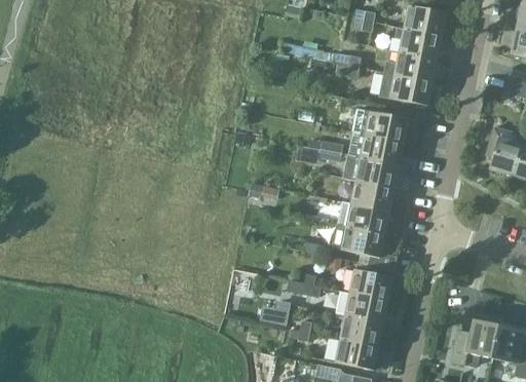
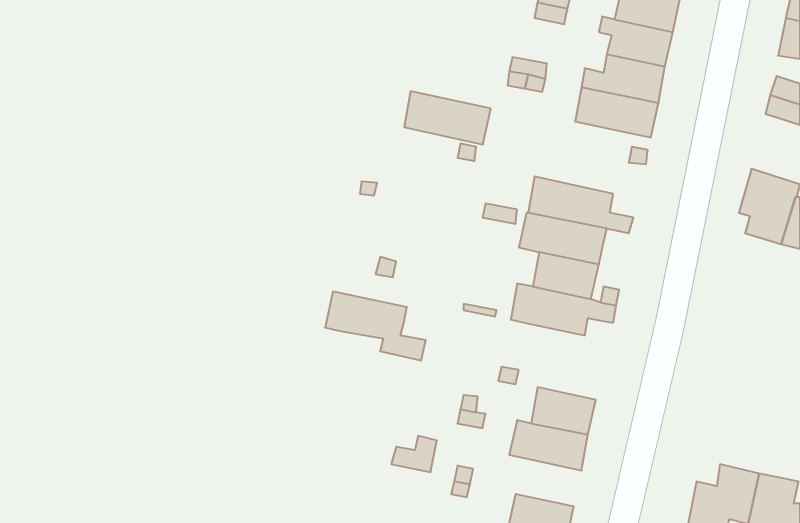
building: [351,107,408,142] -> [404,91,491,145]
building: [331,224,397,269] -> [325,291,426,361]
building: [339,314,382,346] -> none

